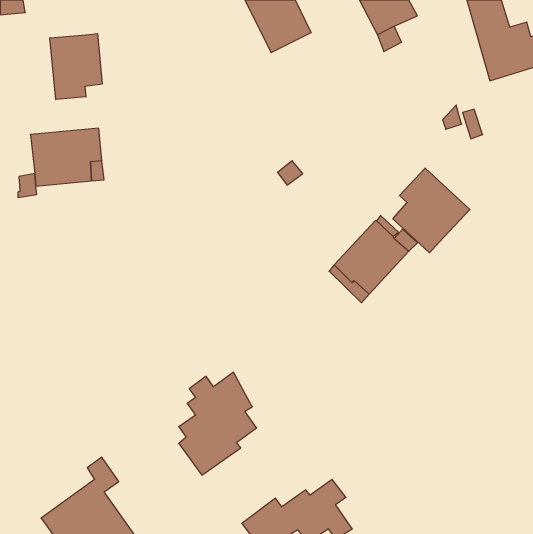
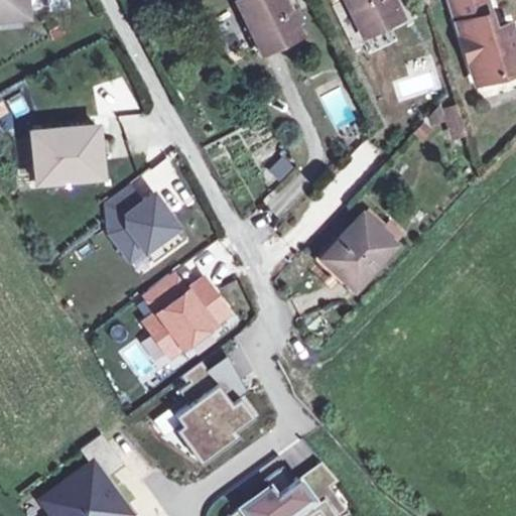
building: [50,34,102,100] -> none
building: [393,168,470,253] -> none
building: none -> [106,190,188,277]
building: none -> [144,274,230,356]

